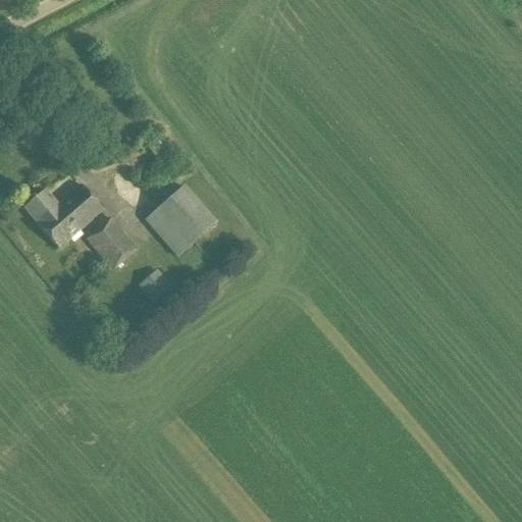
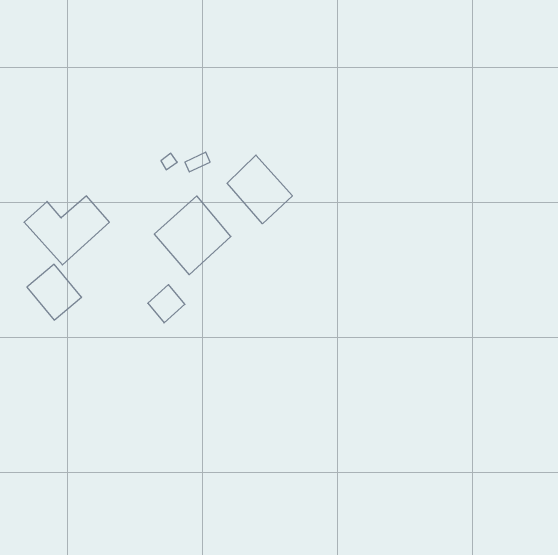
building: none -> [227,155,292,224]
building: [87,215,138,267] -> [27,264,82,320]

